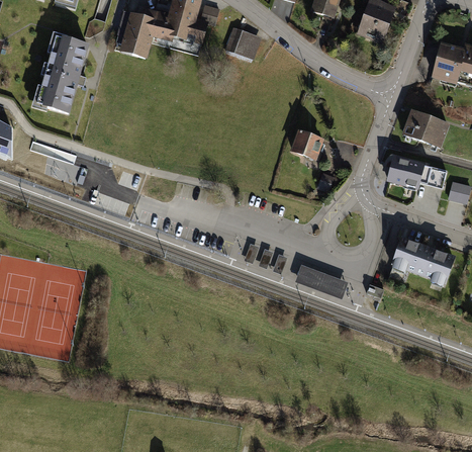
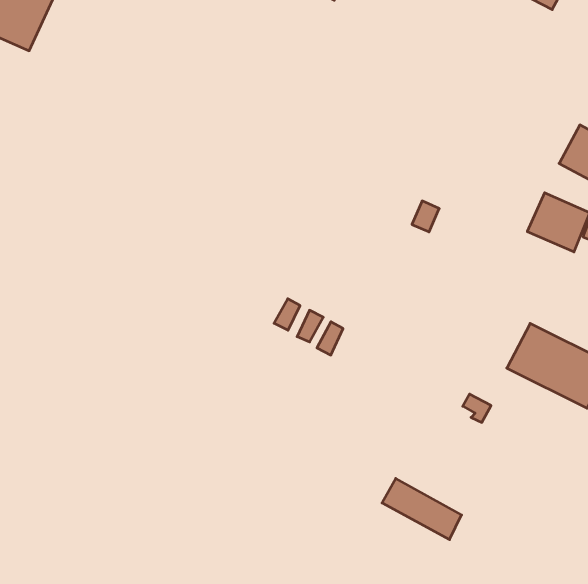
building: [287,128,318,159] -> none
building: [296,264,346,296] -> [382,478,462,540]

